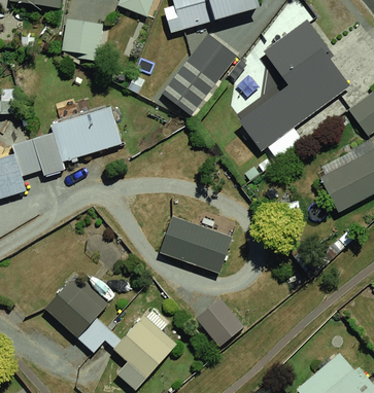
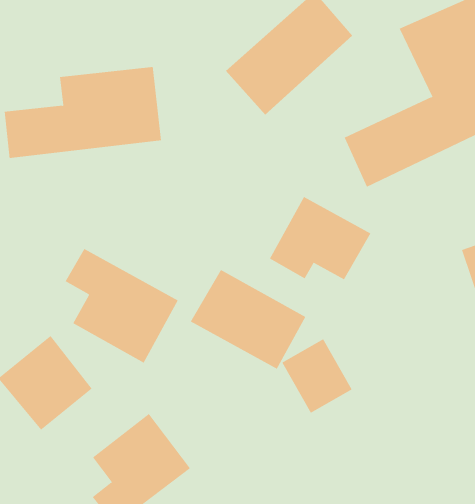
building: none -> [269,196,371,280]
building: none -> [65,248,178,364]
building: [199,298,246,347] -> [281,338,352,414]

